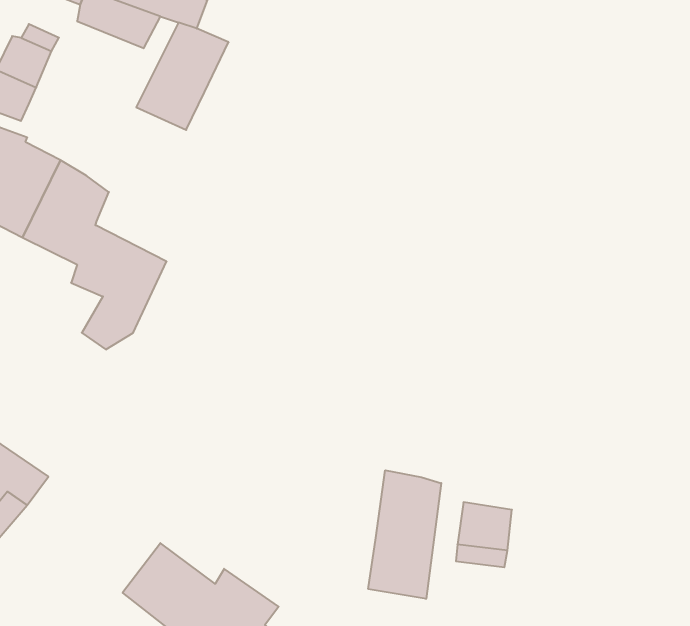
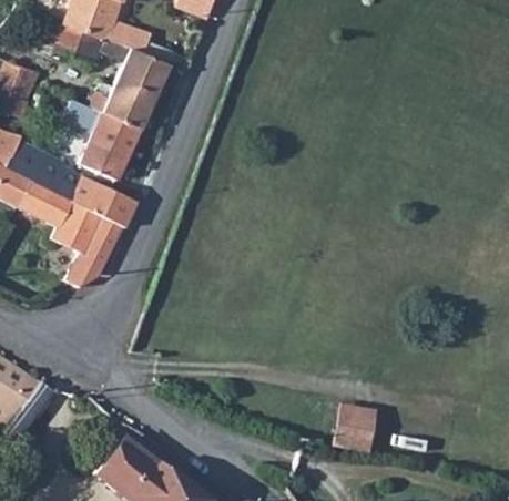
building: none -> [63,101,139,178]
building: none -> [72,175,138,226]
building: [368,470,441,599] -> none

